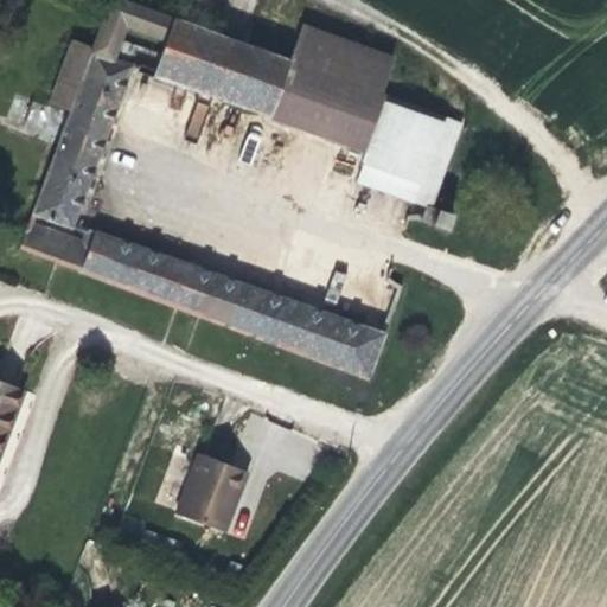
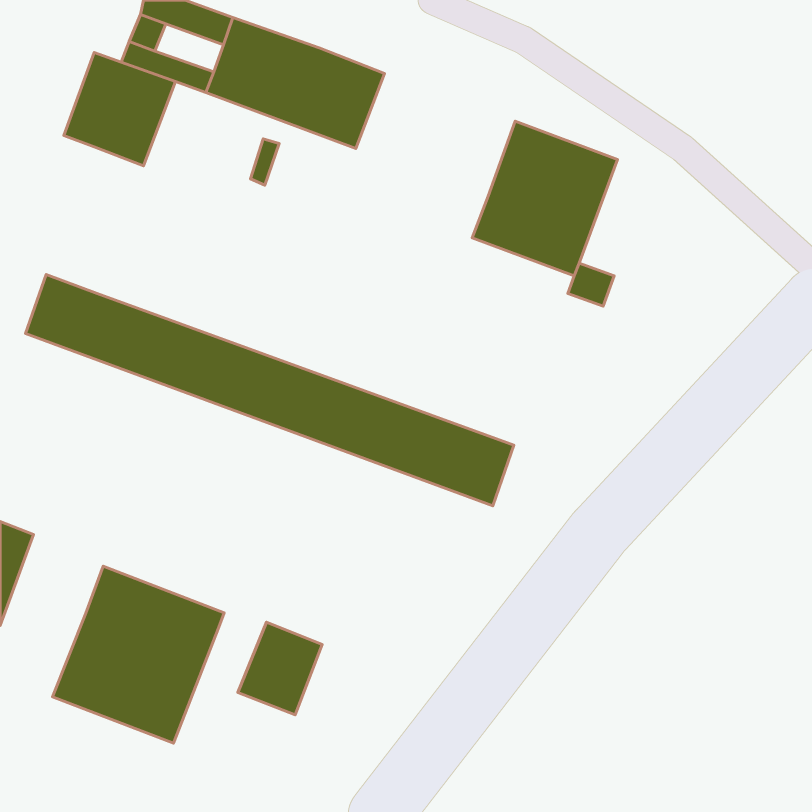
building: [267,21,398,148] -> none
building: [37,111,109,221] -> none
building: none -> [53,566,224,743]

